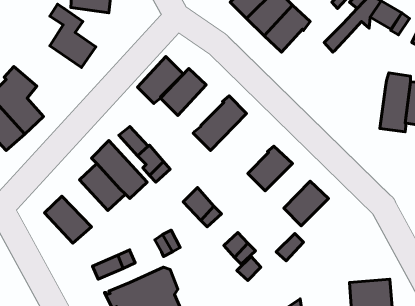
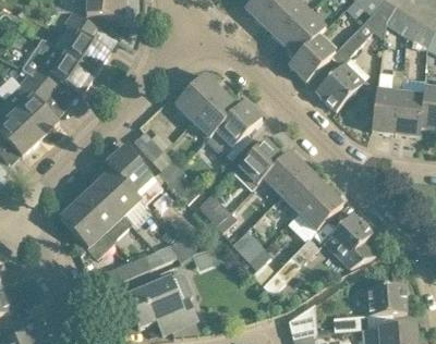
building: none -> [289,34,335,81]
building: none -> [29,44,97,93]
building: none -> [316,56,364,109]
building: [137,57,183,104] -> [193,89,239,136]
building: none -> [372,88,400,133]
building: none -> [238,138,283,184]
building: none -> [280,168,325,212]
building: none -> [77,184,131,238]
building: none -> [324,212,377,267]

